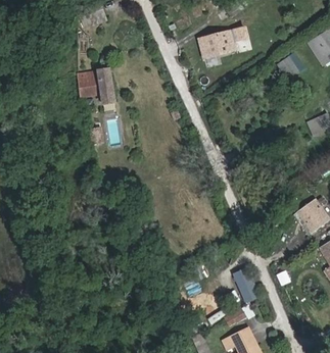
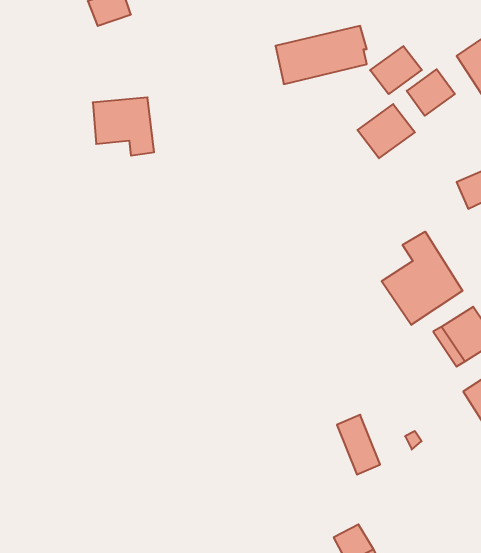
building: none -> [370,46,422,94]
building: none -> [357,104,415,158]
building: none -> [382,232,463,325]

